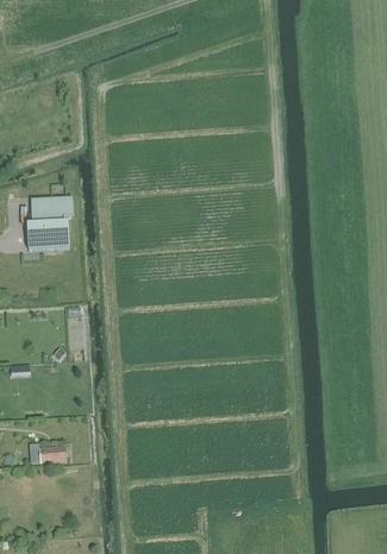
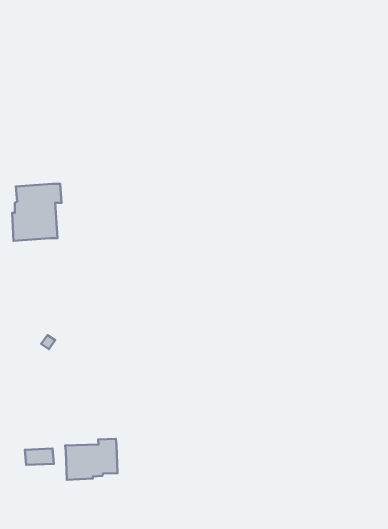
building: none -> [65,439,117,480]

